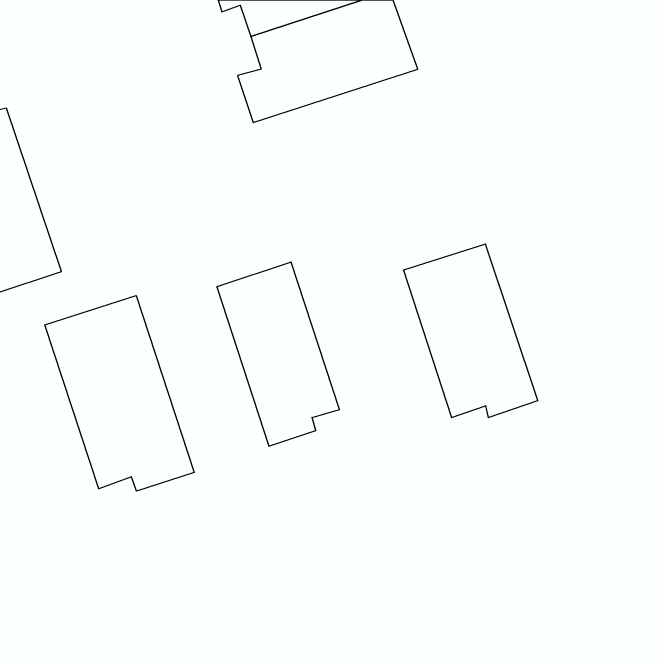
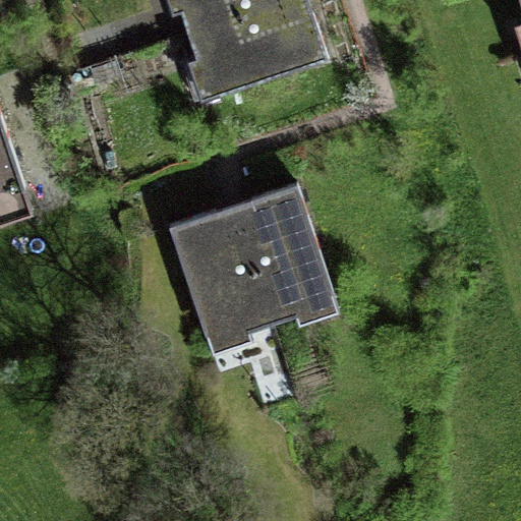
building: [403,244,538,418] -> [227,186,332,322]
building: [45,296,194,491] -> none

